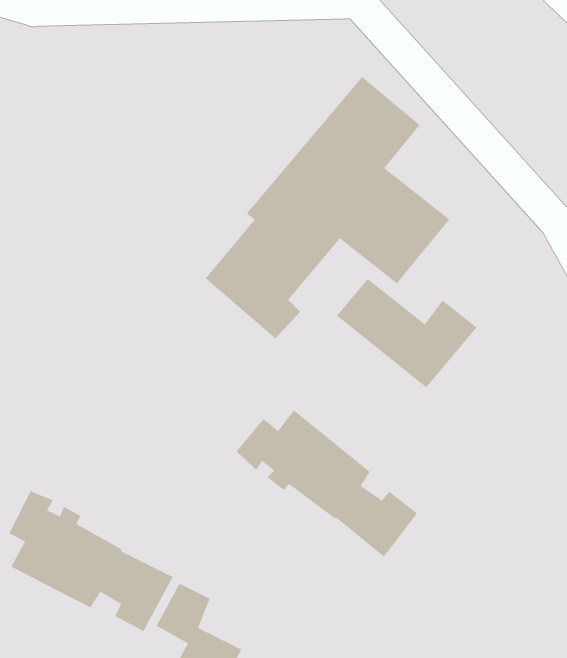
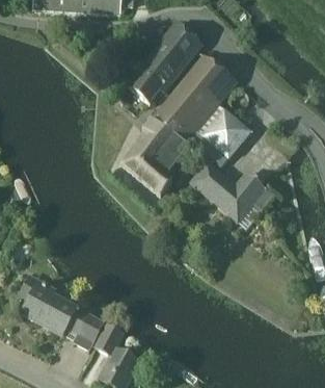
building: none -> [128,25,200,104]
building: [236,410,418,558] -> none

